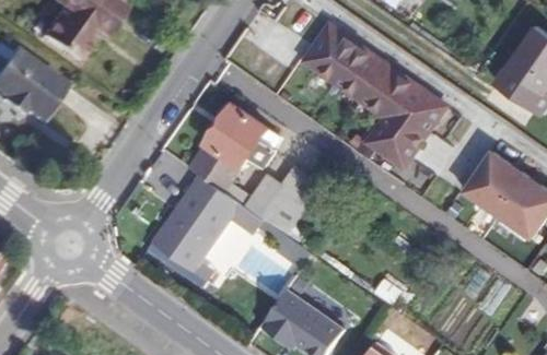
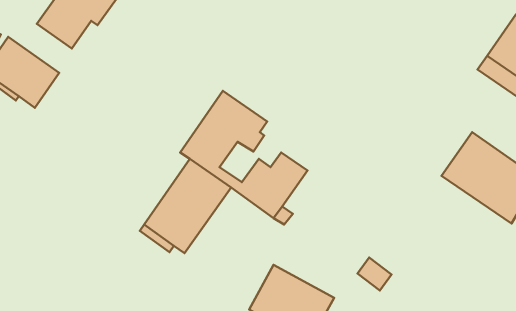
building: [305,25,446,167] -> none

